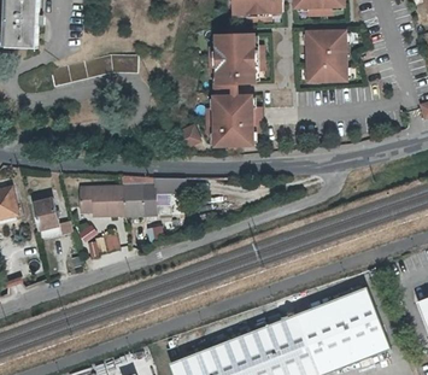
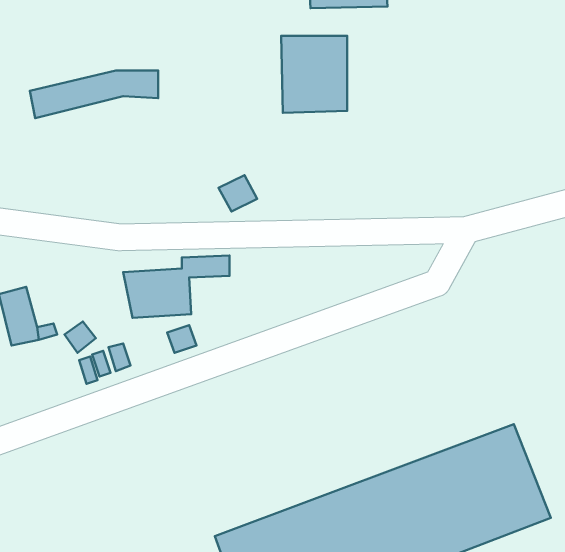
building: [307,29,347,83] -> none
building: [213,94,257,145] -> none
building: [80,188,118,218] -> none

